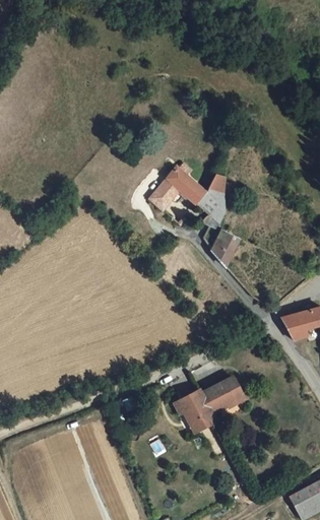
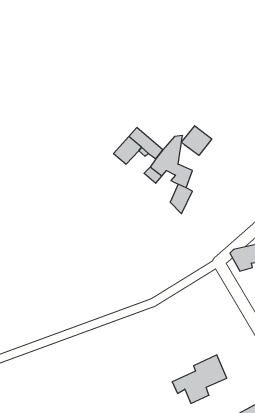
building: none -> [182,126,212,155]
building: [178,374,240,429] -> [172,355,227,403]

